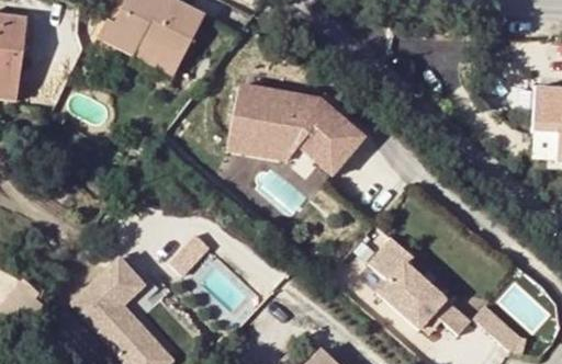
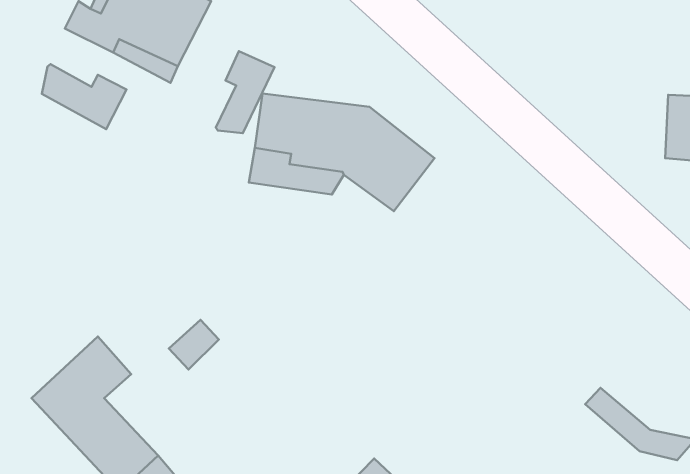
building: none -> [216,51,275,133]
building: none -> [42,64,126,129]
building: [370,230,472,328] -> none

